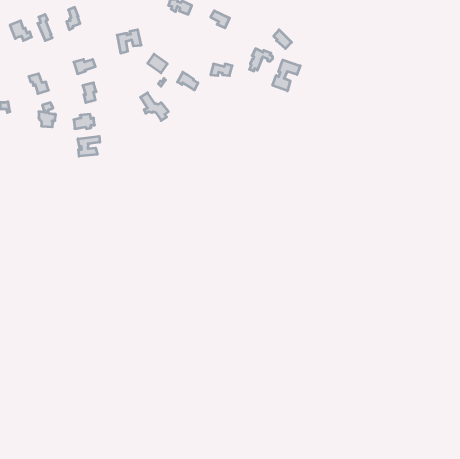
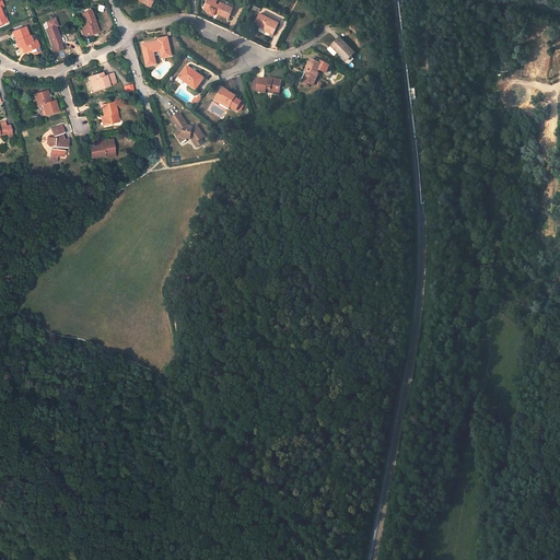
building: [273,60,300,91] -> none
building: [78,136,100,156] -> none

